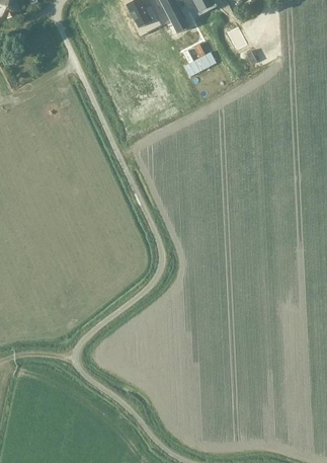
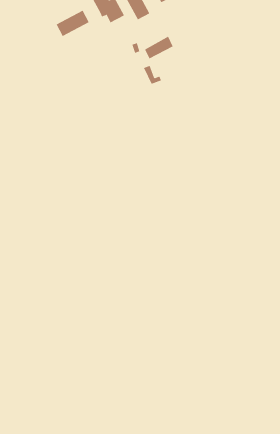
building: none -> [56,10,90,37]

